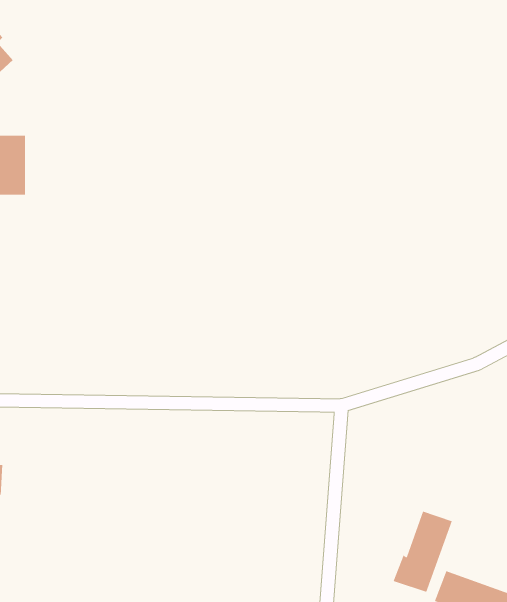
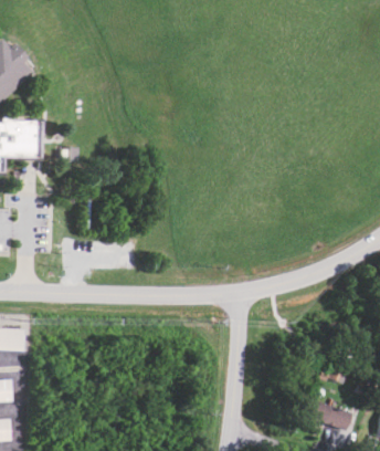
building: [393,511,453,593] -> none

